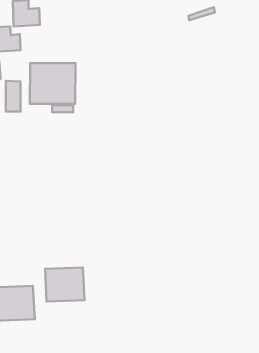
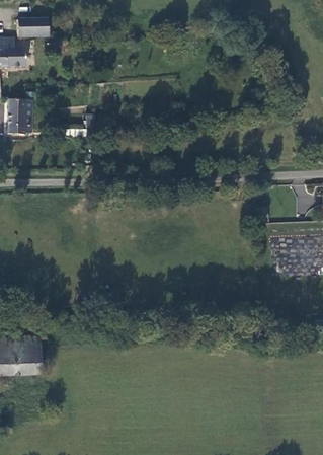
building: [30,63,76,104] -> none
building: [45,267,84,301] -> none

